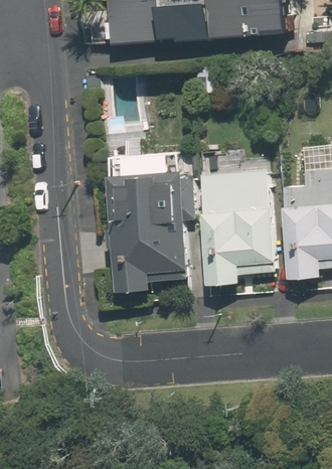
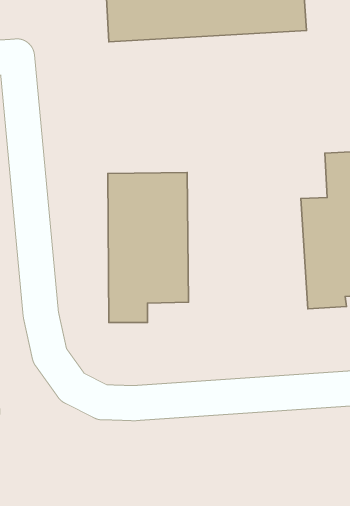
building: [198,161,273,287] -> none

